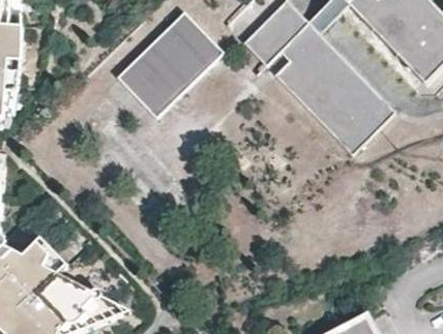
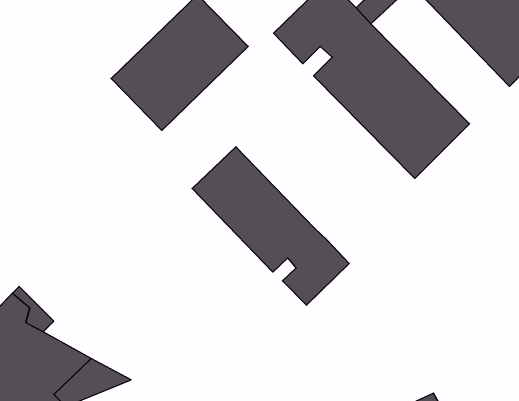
building: none -> [192,147,349,305]

